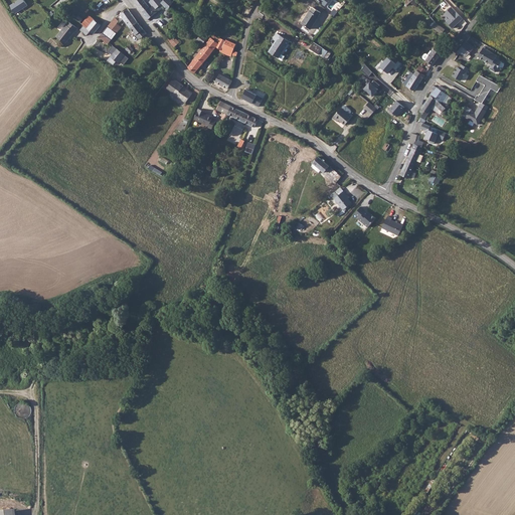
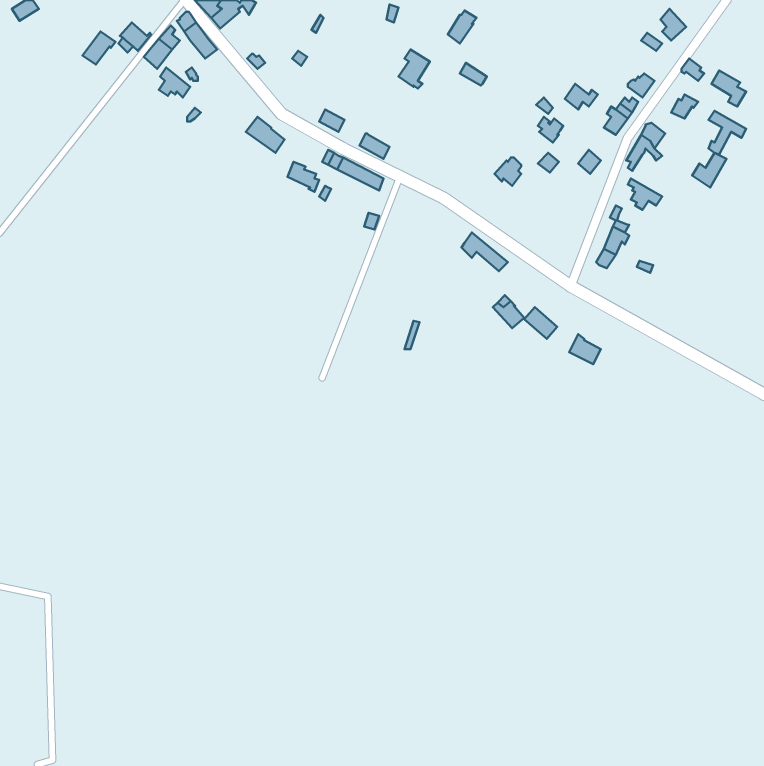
building: [187,35,235,73] -> none

